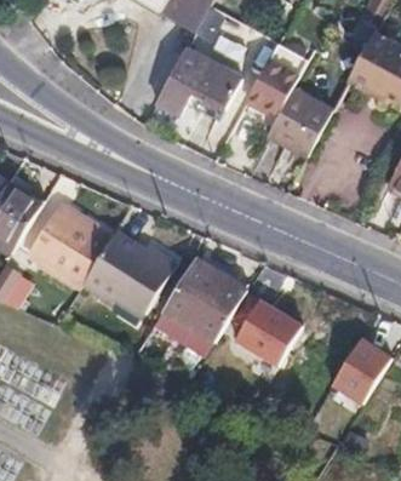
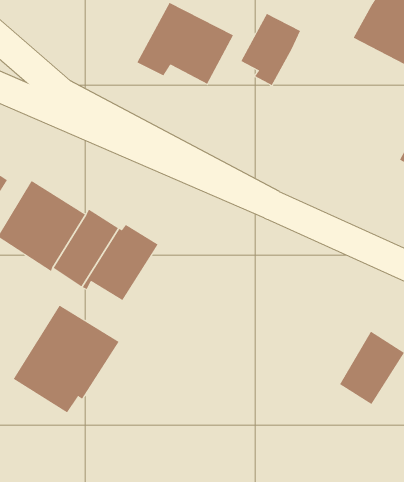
building: [268,88,331,155] -> none
building: [153,258,247,354] -> [13,305,120,413]
building: [236,299,303,365] -> none

